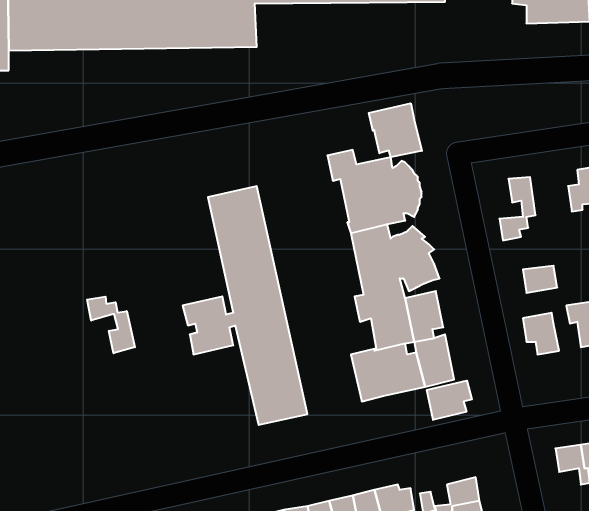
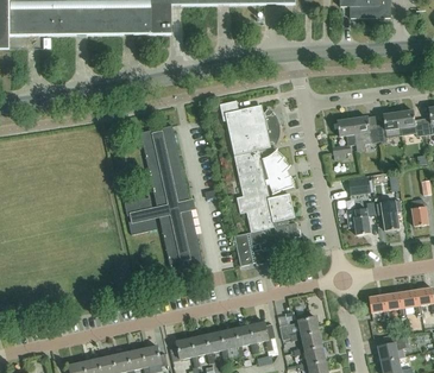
building: [369,103,422,157] -> none
building: none -> [352,116,379,152]
building: [87,297,135,353] -> none
building: [427,381,472,420] -> none

